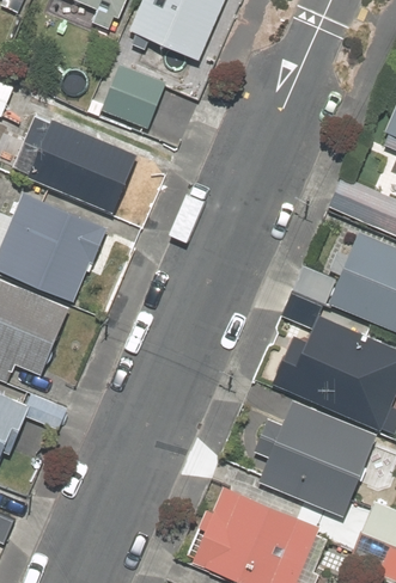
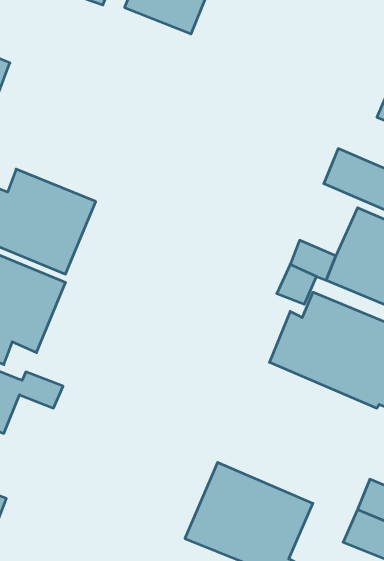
building: [99,63,165,133] -> none
building: [12,115,138,210] -> none
building: [254,403,374,517] -> none

